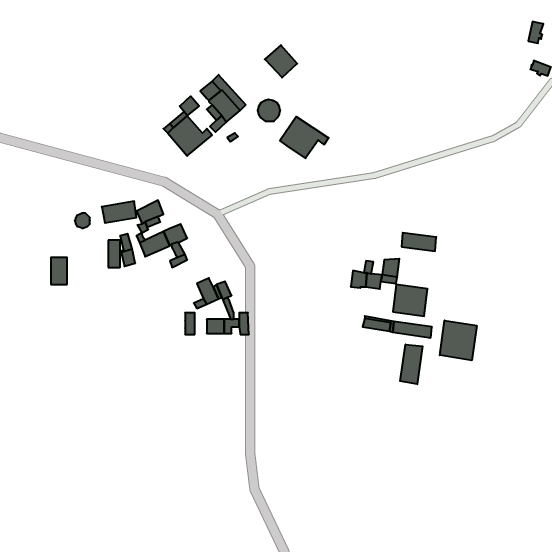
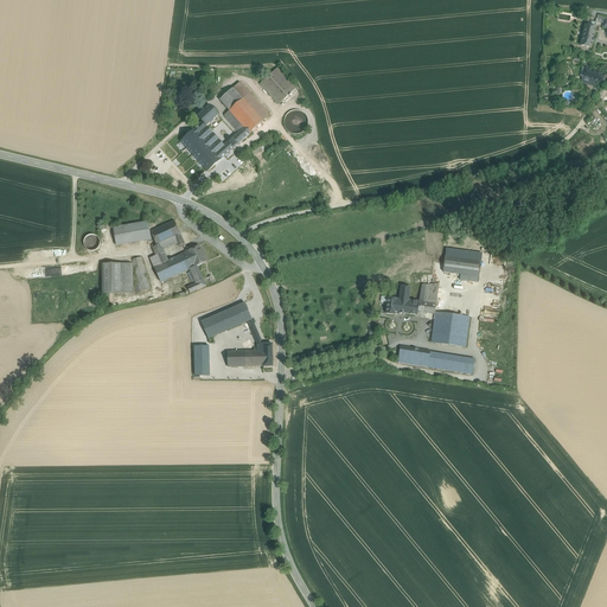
building: [265,45,297,78] -> [258,68,294,103]
building: [280,117,329,158] -> none
building: [51,257,67,284] -> [101,263,119,293]
building: [440,320,477,360] -> none
building: [400,344,423,384] -> none

